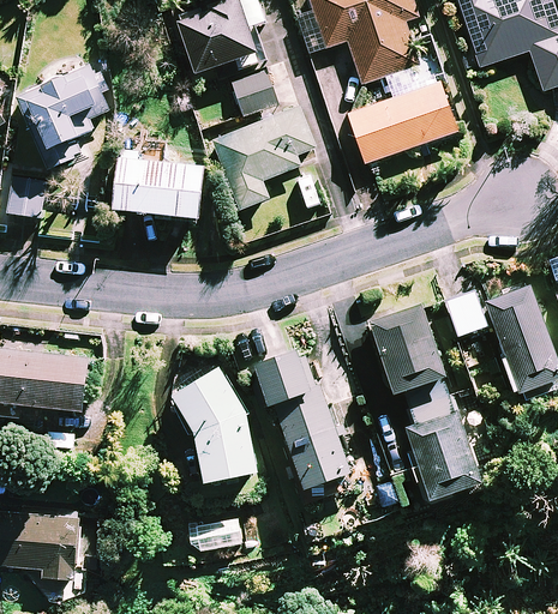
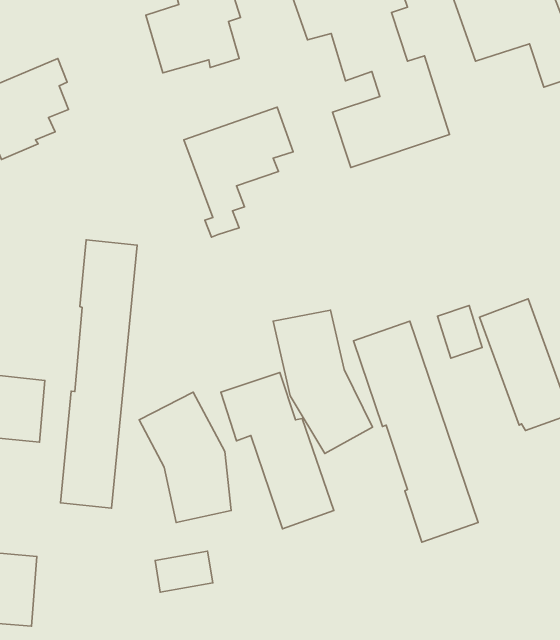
building: [230,70,275,114] -> none
building: [112,149,203,221] -> none
building: none -> [61,240,137,508]
building: none -> [273,310,372,453]

